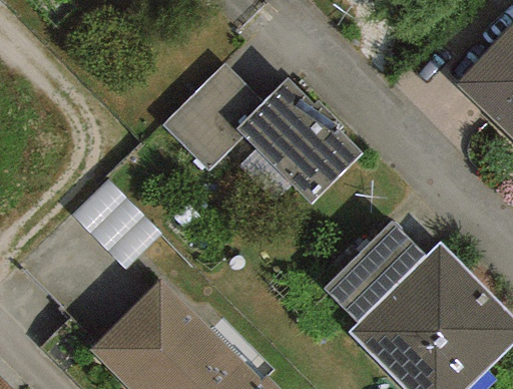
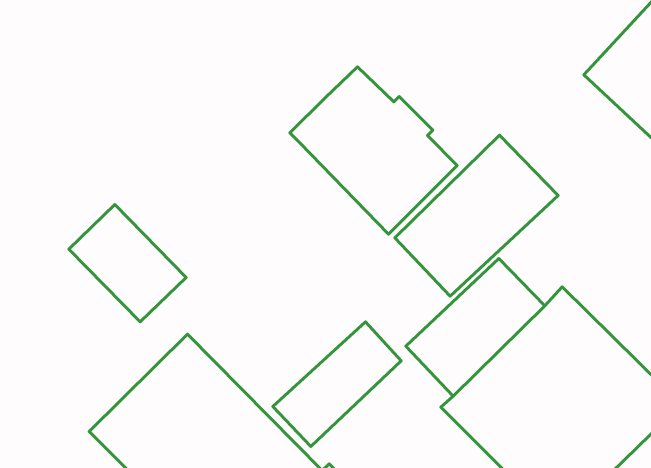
building: [164,64,264,169] -> none
building: none -> [395,135,558,296]
building: none -> [273,322,401,447]

